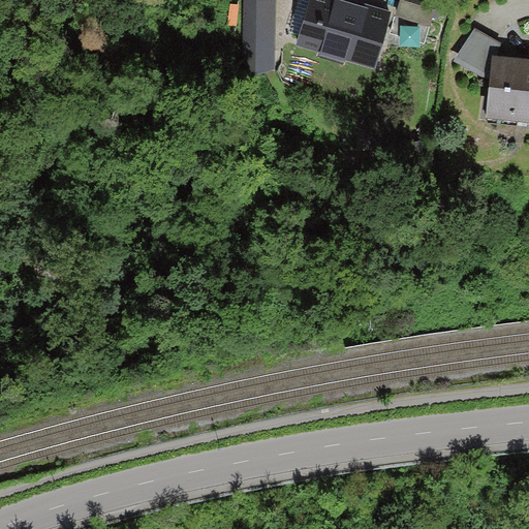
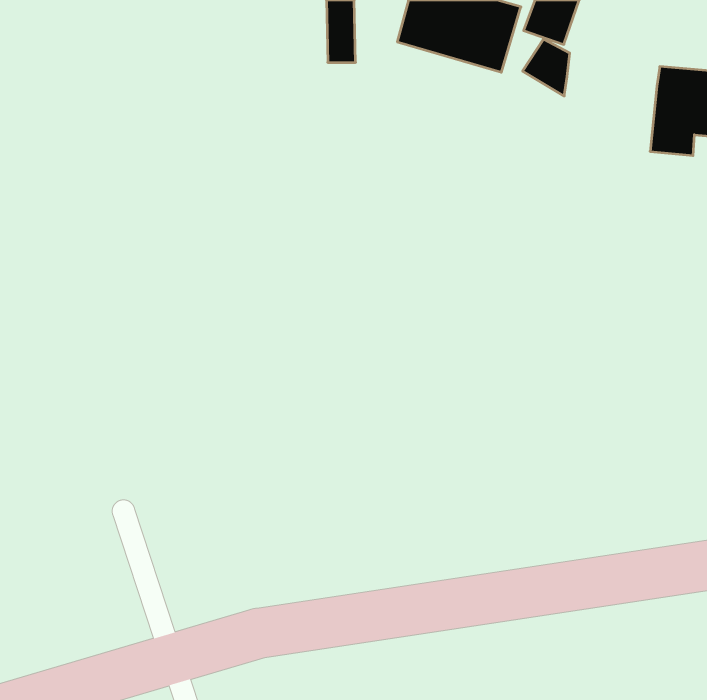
building: [460,29,495,71] -> [523,39,570,96]

